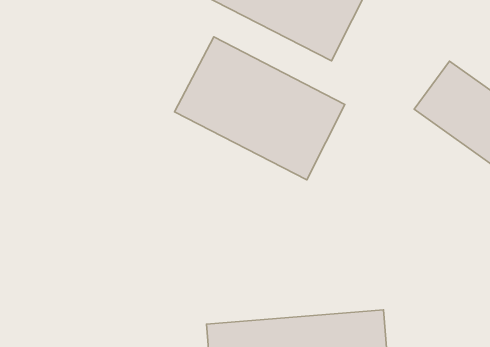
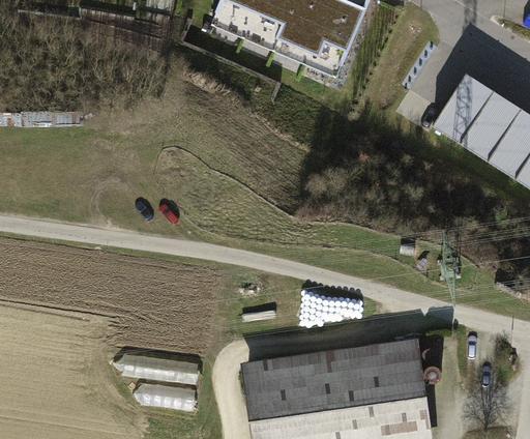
building: [174,37,345,180] -> none

